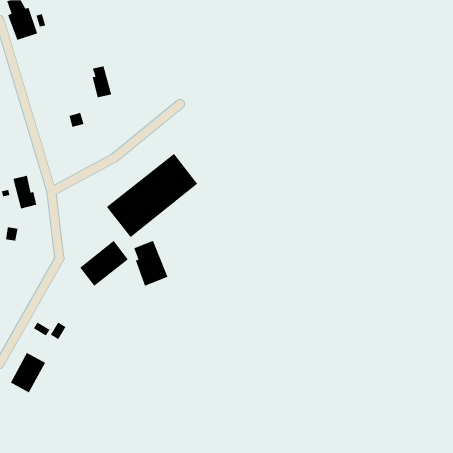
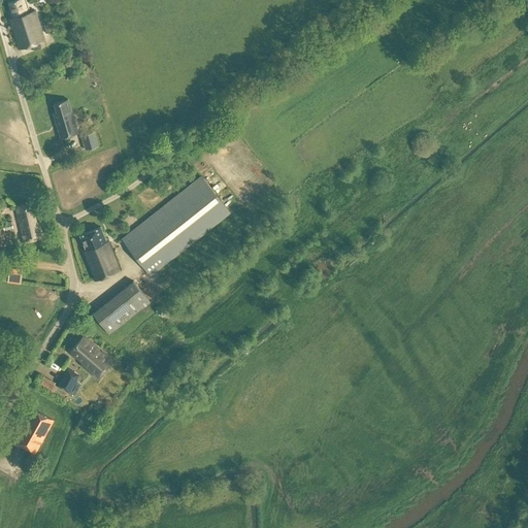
building: [92,65,112,98] -> [54,98,77,136]
building: [133,240,169,287] -> [80,226,122,280]
building: none -> [68,337,111,380]

